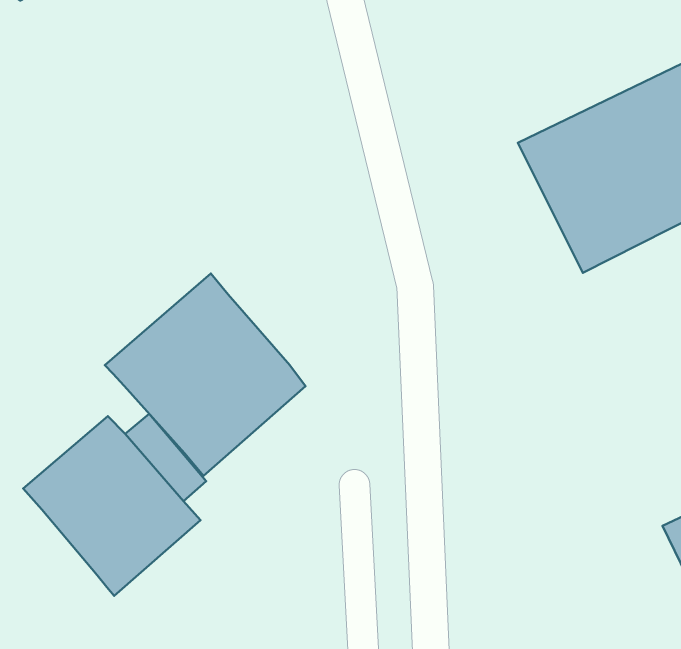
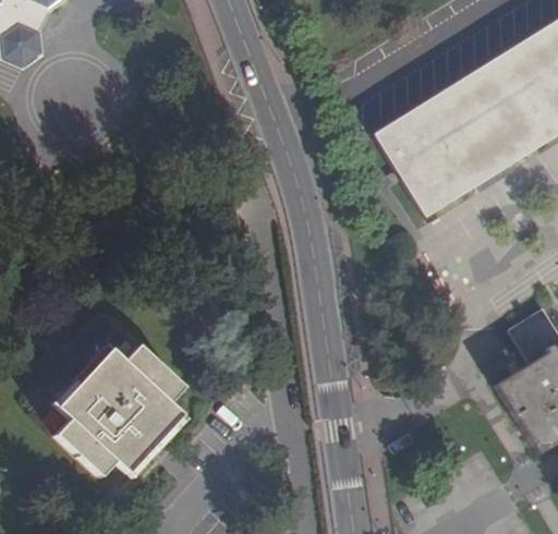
building: [105,274,306,476] -> none
building: none -> [54,416,113,473]

